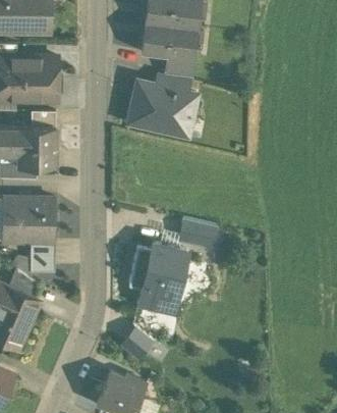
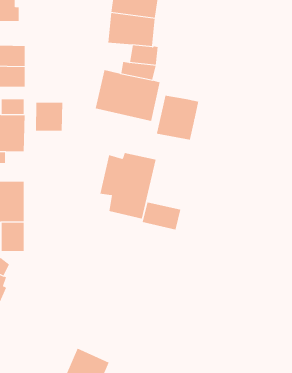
building: none -> [156,95,199,141]
building: none -> [35,102,63,131]
building: [129,243,188,312] -> [100,153,156,219]
building: [122,326,154,358] -> none

